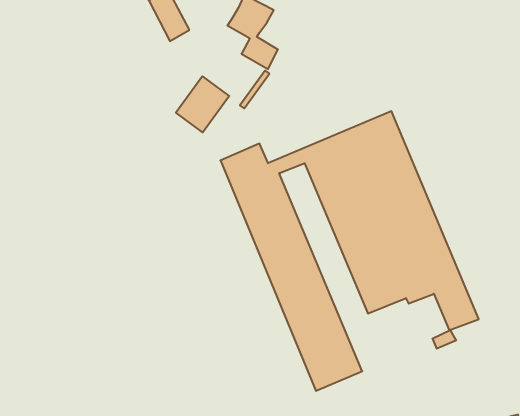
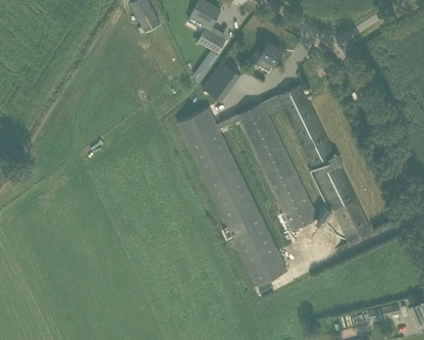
building: none -> [250,43,279,72]
building: [176,76,229,132] -> [201,61,240,102]

